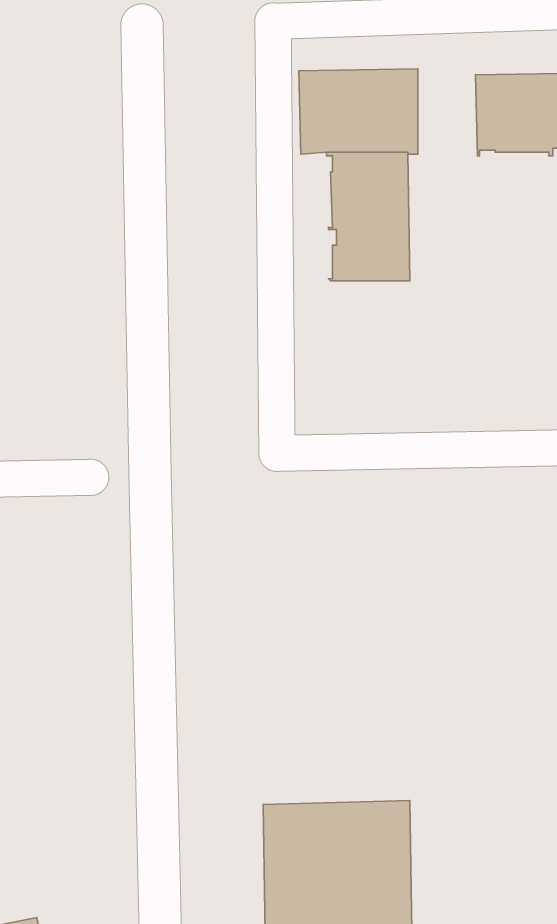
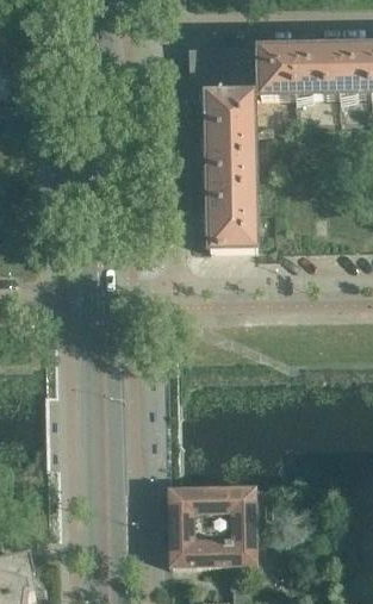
building: none -> [260,49,296,98]
building: none -> [207,173,257,250]

